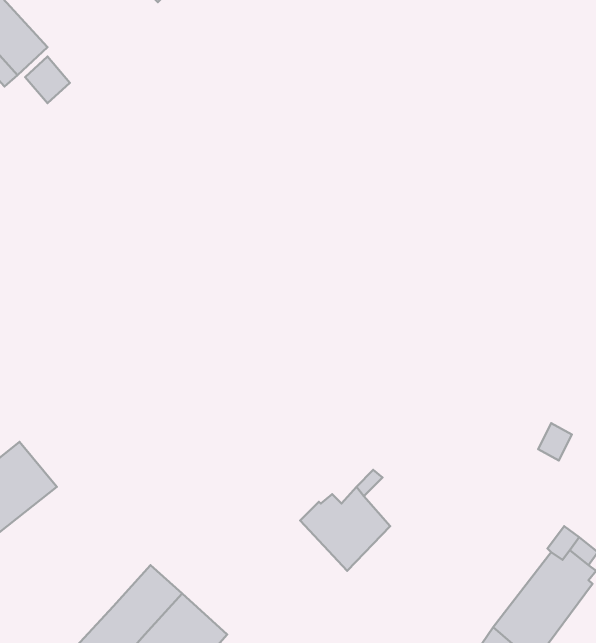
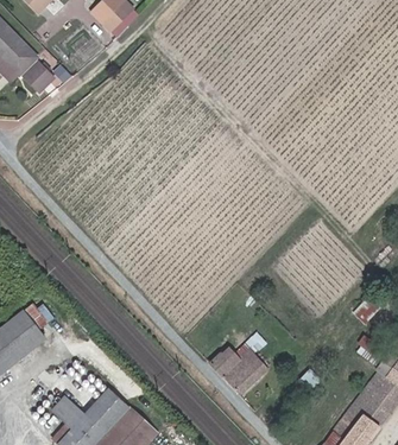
building: none -> [53,399,87,432]

